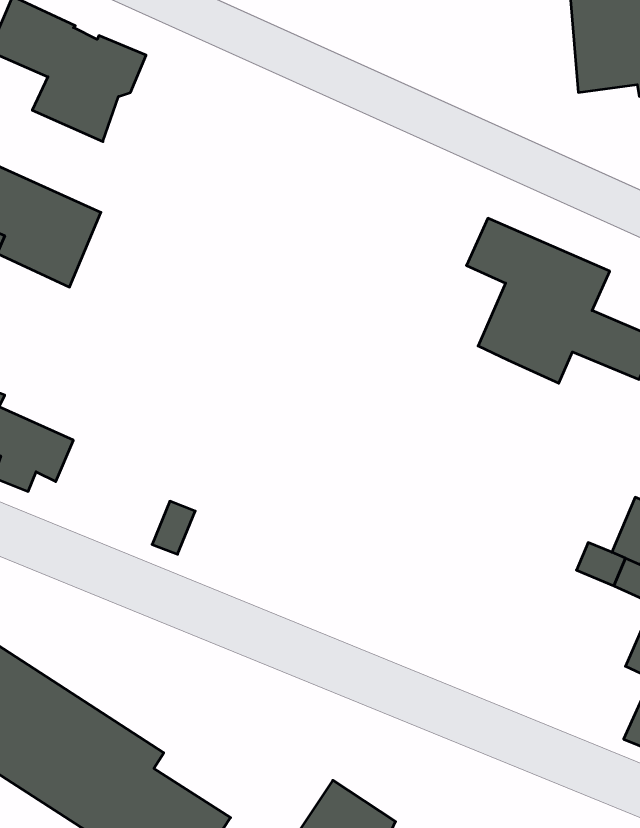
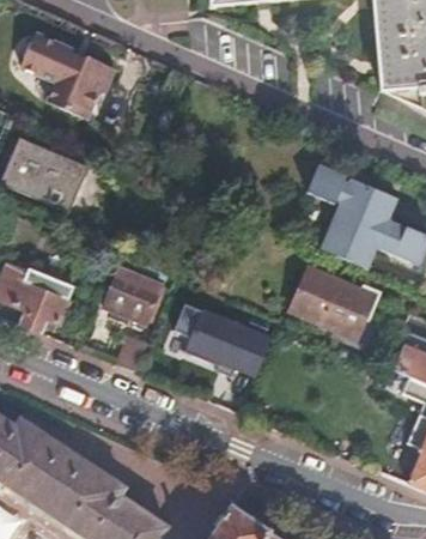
building: none -> [104,266,160,321]
building: none -> [293,266,375,334]
building: none -> [175,305,273,380]

